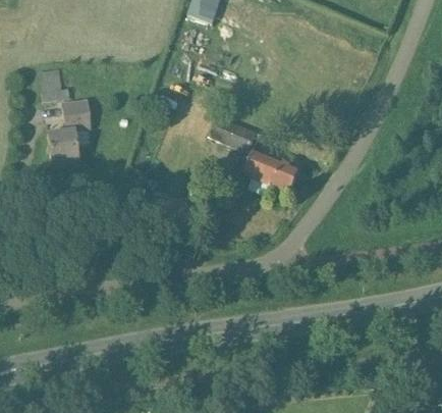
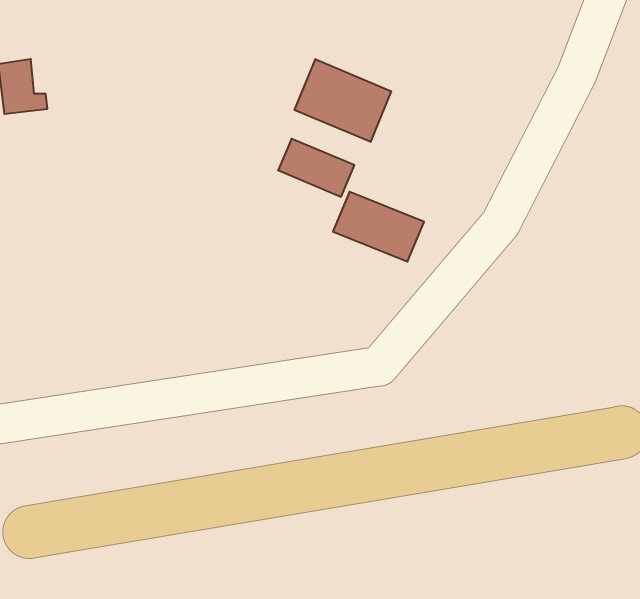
building: none -> [295,59,391,142]
building: [47,100,90,164] -> none

